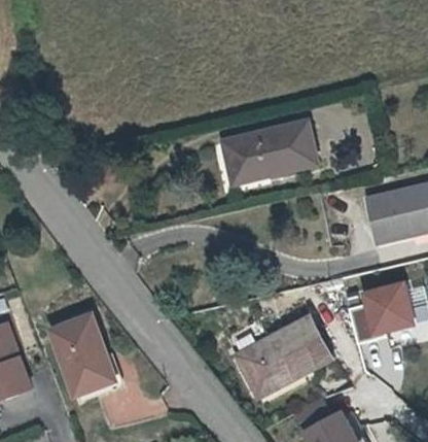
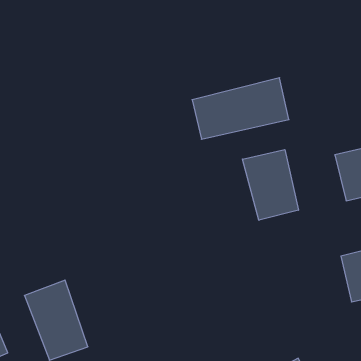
building: none -> [242,150,298,220]
building: [237,313,330,386] -> none

